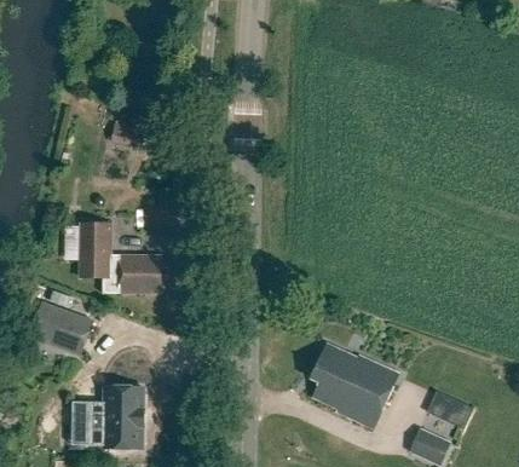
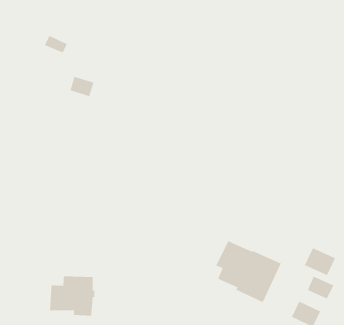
building: [79,220,161,290] -> none
building: [31,300,92,346] -> none
building: none -> [304,247,336,276]

